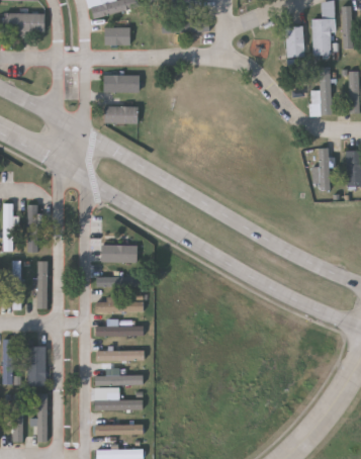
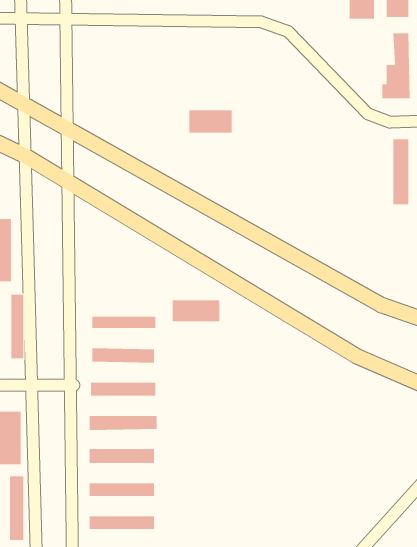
building: [103,75,140,92] -> none
building: [106,106,139,123] -> [188,110,232,133]
building: [101,245,137,261] -> [172,300,220,322]

